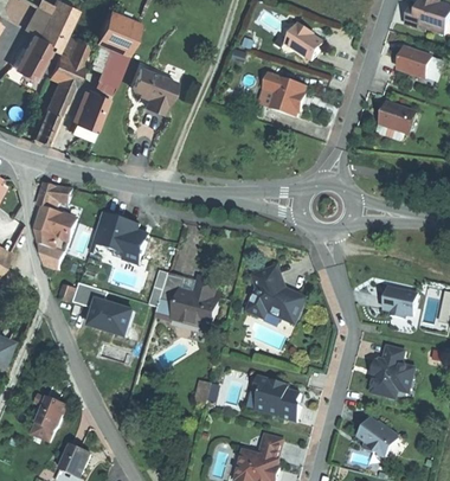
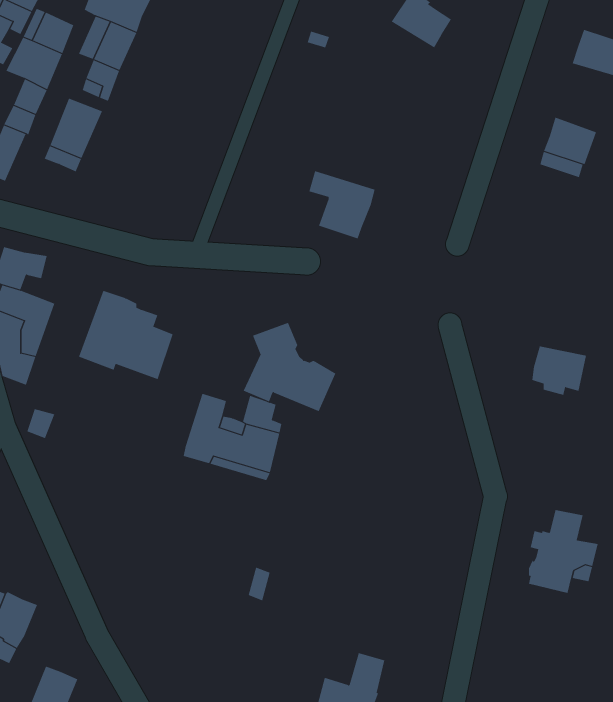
building: [131,66,175,111] -> none
building: [266,73,308,116] -> [309,171,375,239]
building: [249,267,307,322] -> [243,322,336,412]
building: [75,283,135,335] -> none
building: [385,287,419,318] -> [531,346,587,395]
building: [256,376,302,421] -> none
building: [360,418,400,456] -> none

